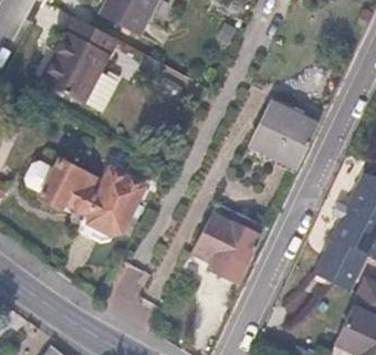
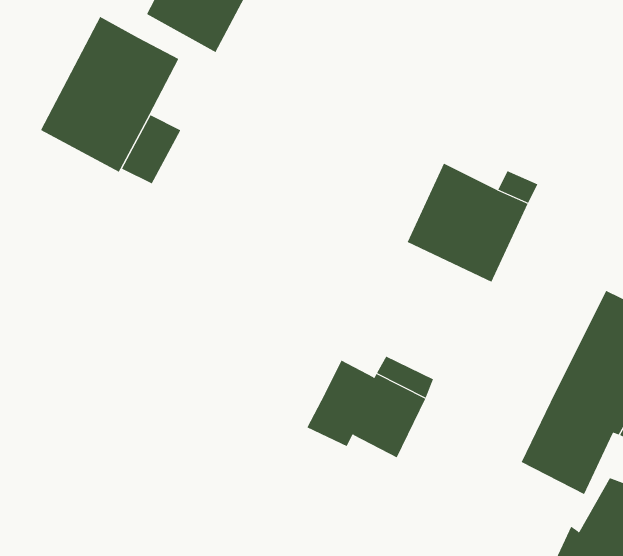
building: [24,157,144,236] -> none

